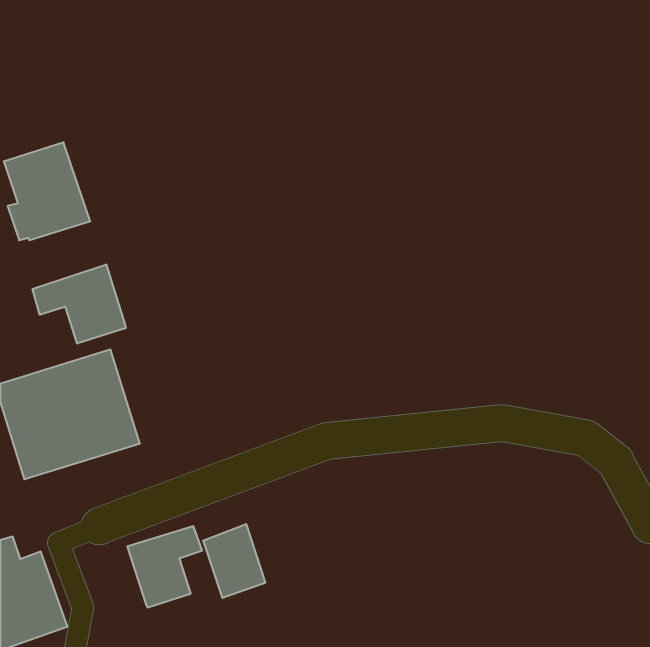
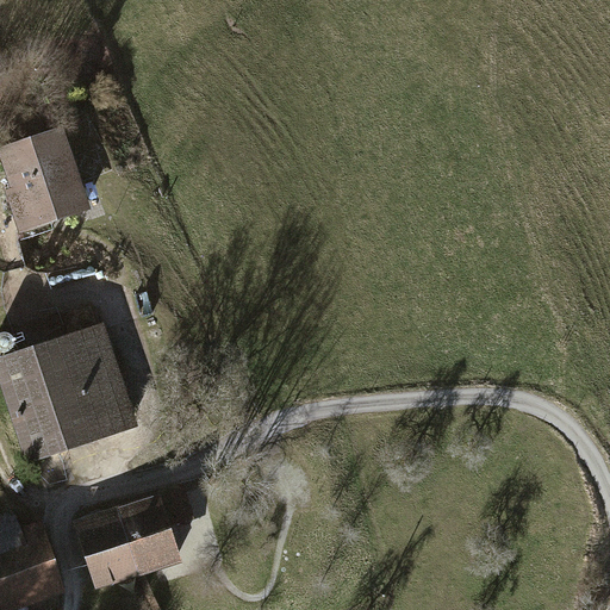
building: [33,264,126,344] -> none
building: [203,524,265,598] -> [79,515,137,584]

